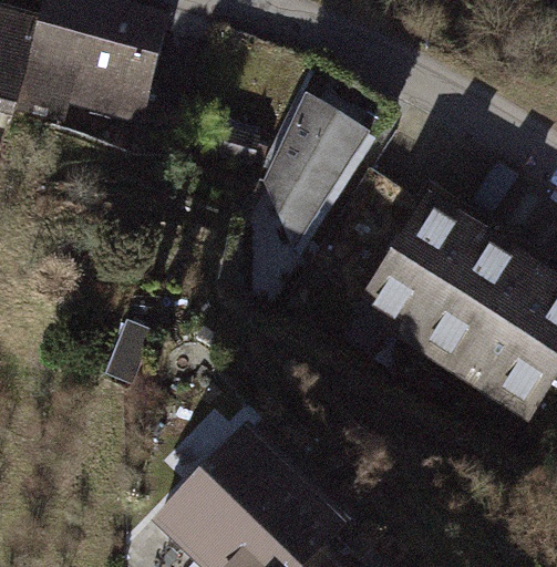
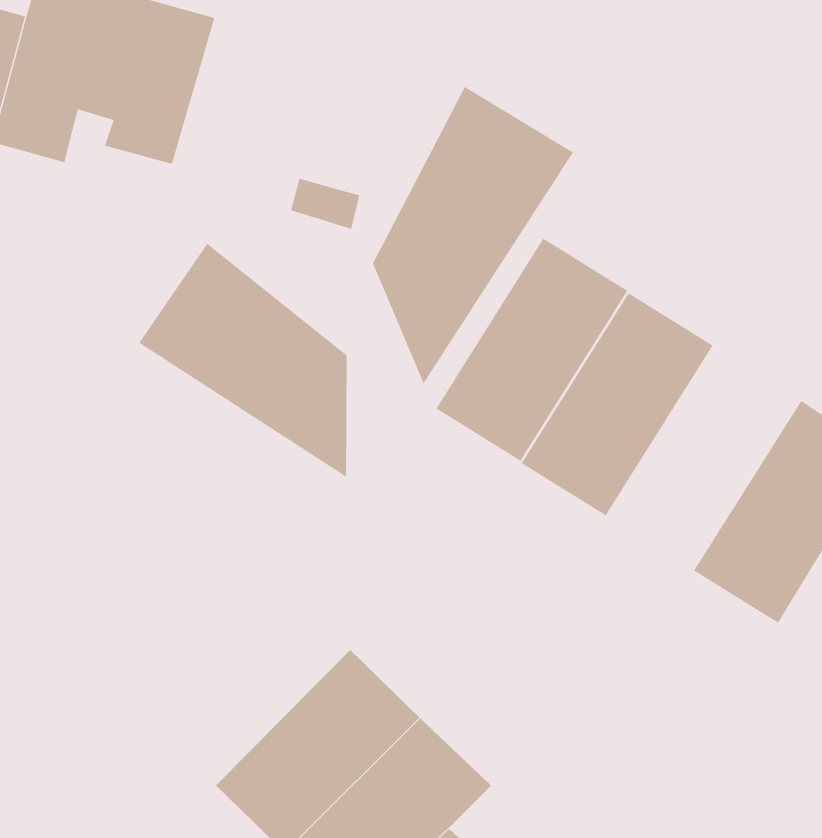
building: none -> [139,243,347,478]
building: [413,239,537,384] -> none

